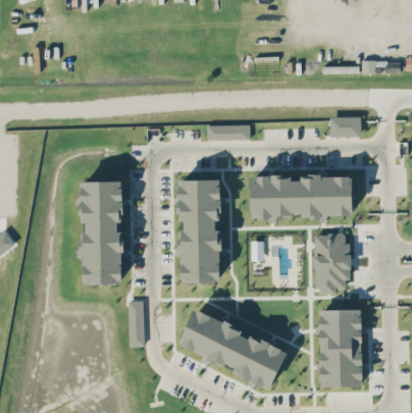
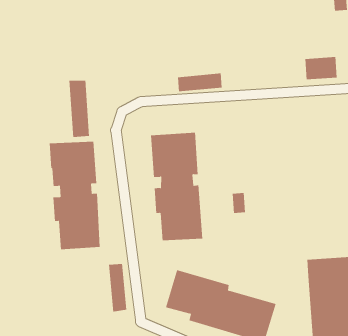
building: none -> [69,80,90,138]
building: [250,175,352,219] -> none
building: [314,234,350,294] -> none

